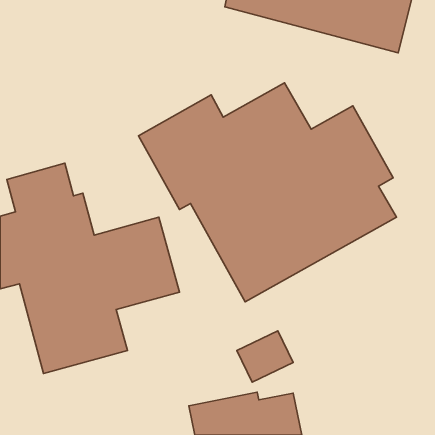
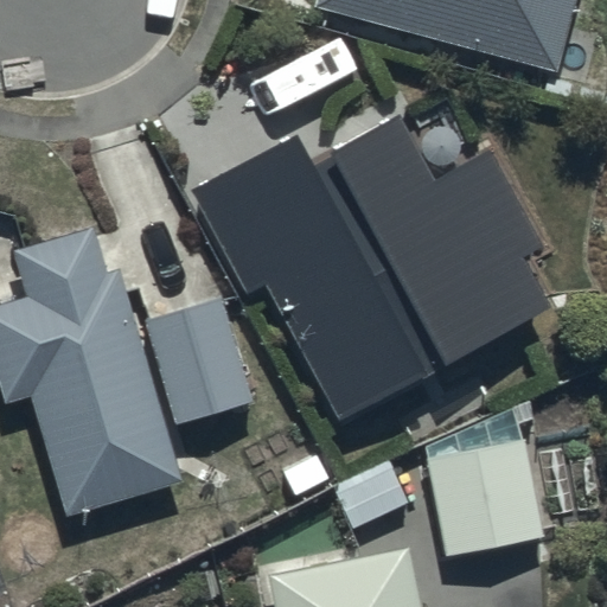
building: none -> [426,439,542,556]

